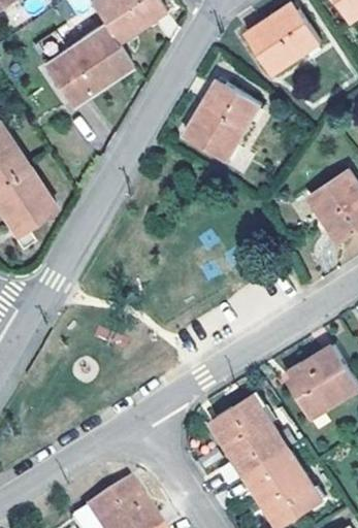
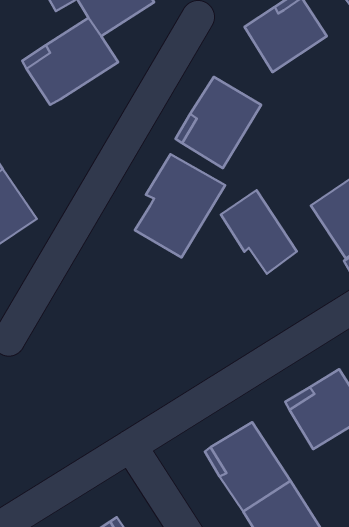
building: none -> [135,154,225,257]
building: none -> [221,190,297,274]

